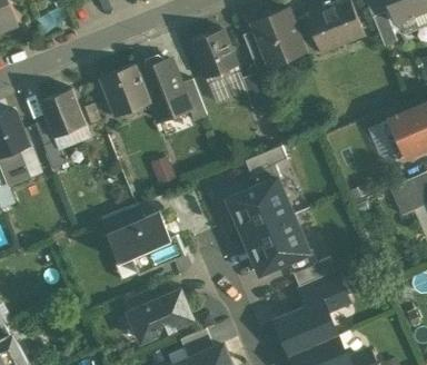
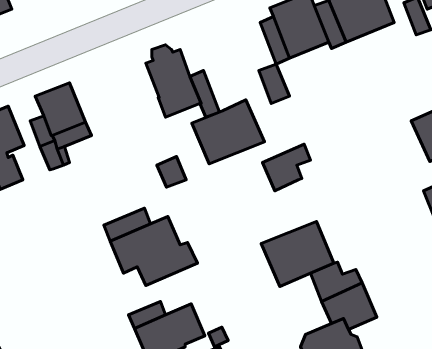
building: [192,31,237,79] -> none
building: [101,65,152,117] -> none
building: [229,178,295,236] -> [192,100,264,164]

